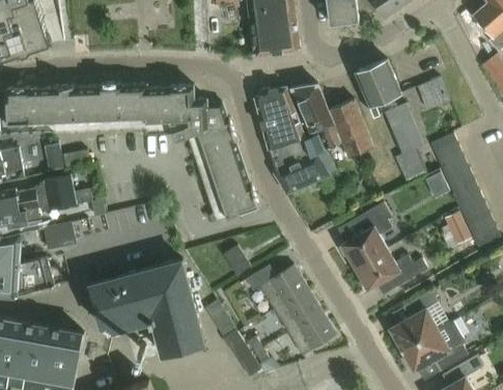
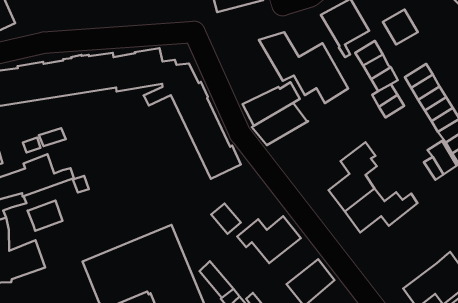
building: [254,88,305,150] -> none
building: [274,289,323,333] -> none
building: [390,291,450,352] -> none

